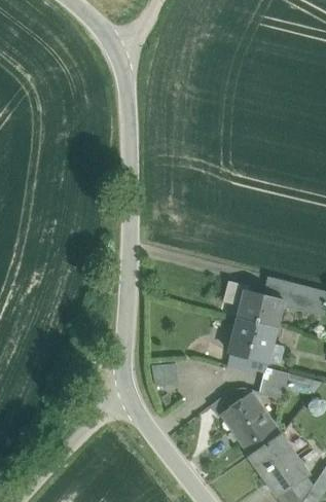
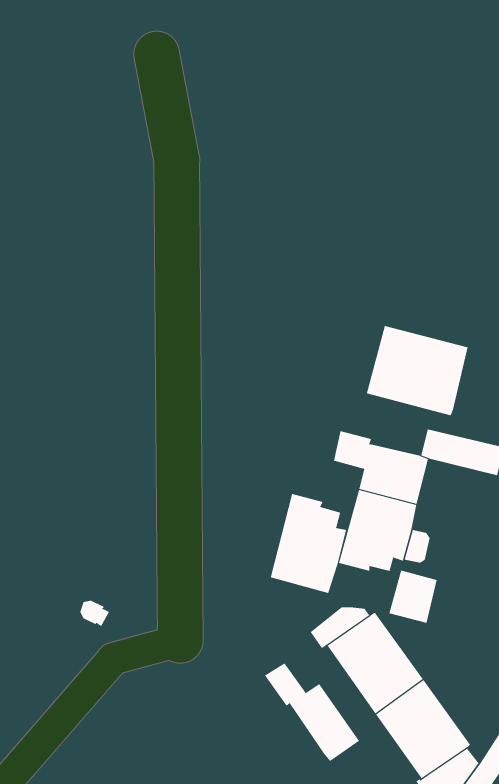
building: none -> [366,325,469,416]
building: none -> [270,493,347,594]
building: none -> [264,663,360,762]

